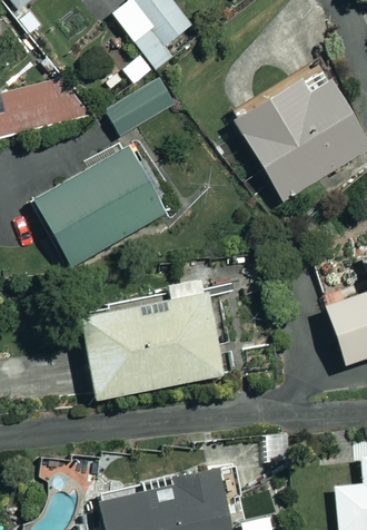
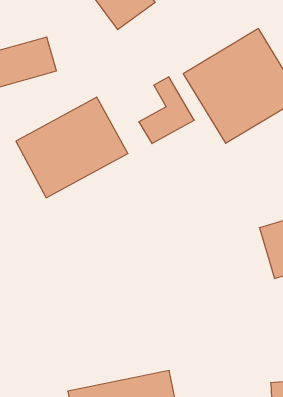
building: [108,55,173,134] -> [139,77,194,144]
building: [78,286,228,400] -> none

